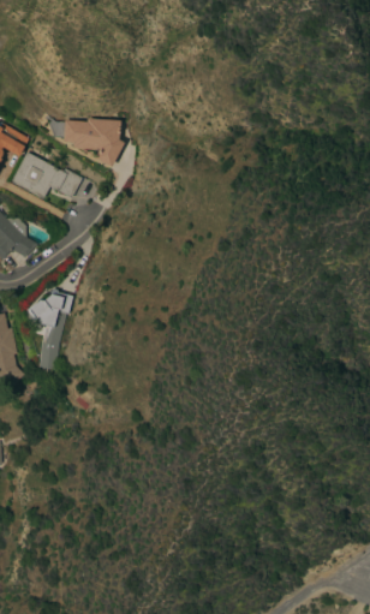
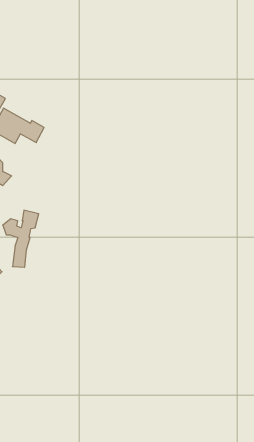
building: [47,117,123,166] -> none

